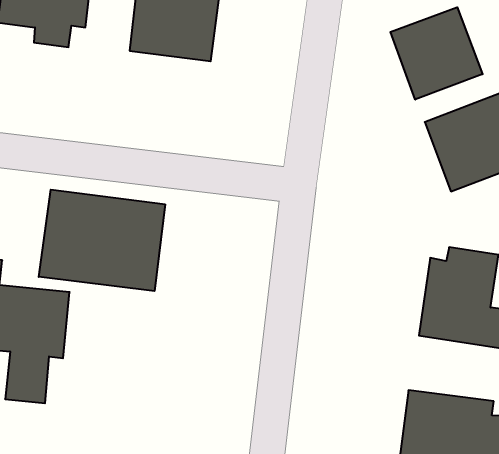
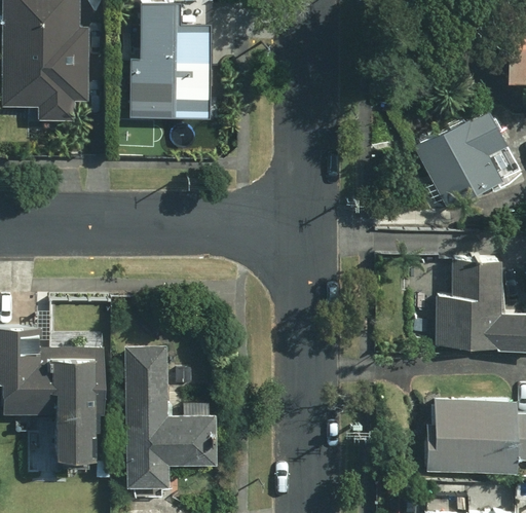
building: [390,7,483,100] -> none
building: [39,190,165,291] -> none
building: none -> [125,347,212,487]

